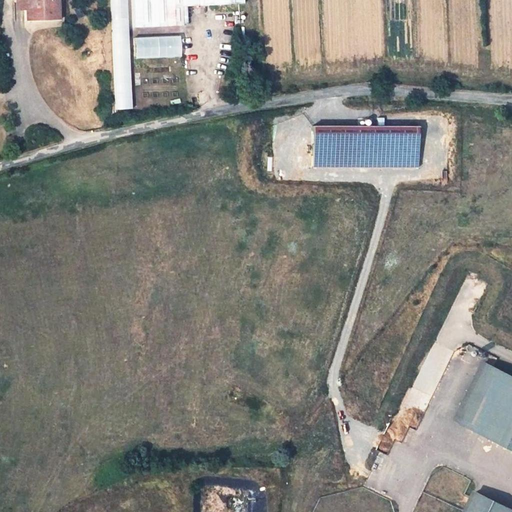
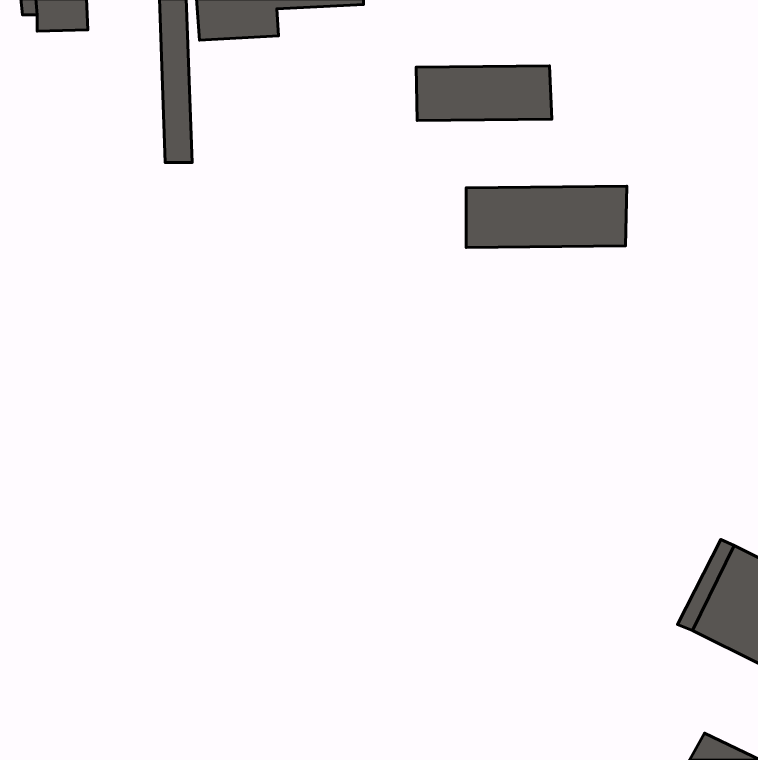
building: [133,35,181,58] -> none
building: none -> [416,66,552,120]

